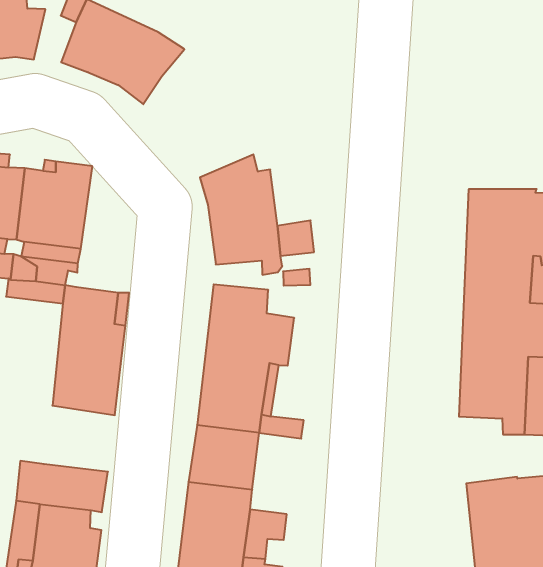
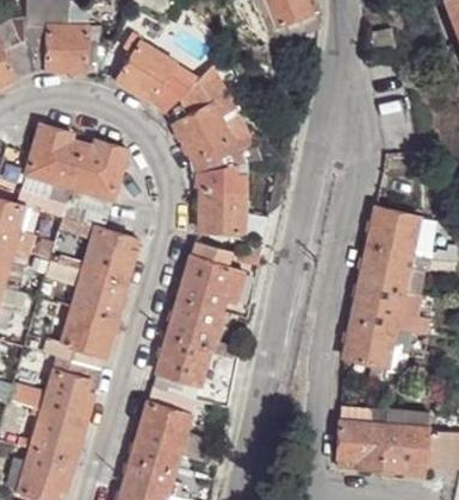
building: none -> [172,70,250,170]
building: none -> [61,306,113,356]

